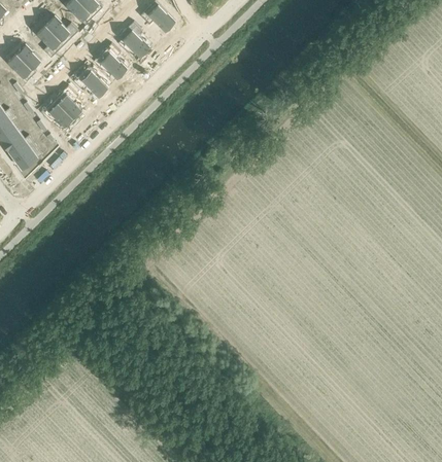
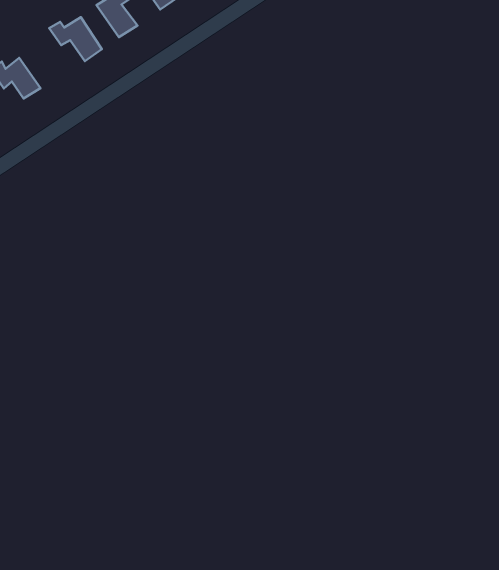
building: [58,86,82,119] -> none

